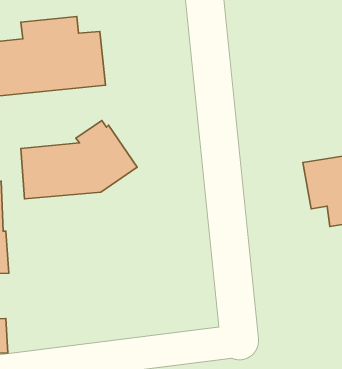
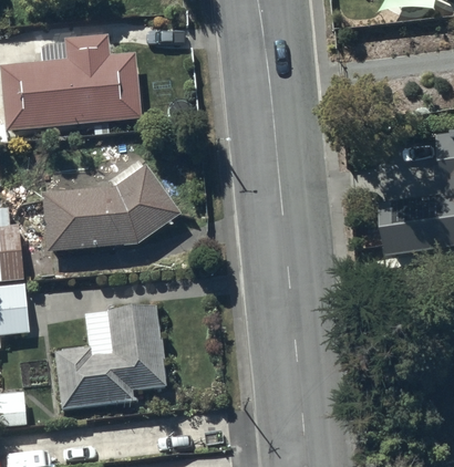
building: none -> [53,299,164,409]

